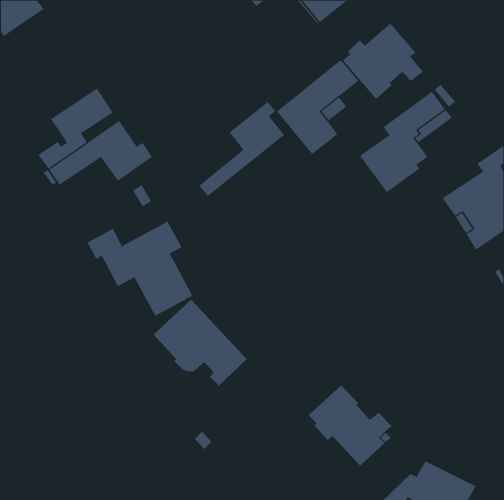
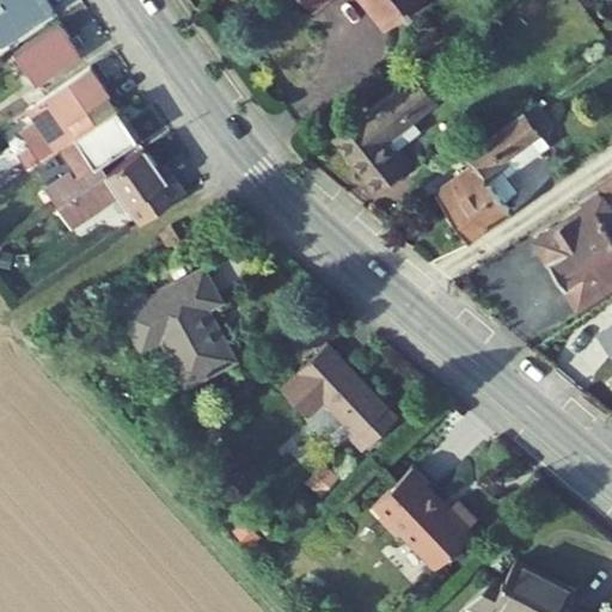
building: none -> [14,26,80,87]
building: [342,22,424,100] -> none
building: none -> [20,71,116,171]
building: [199,101,285,197] -> none
building: [153,299,247,387] -> [282,347,397,453]

